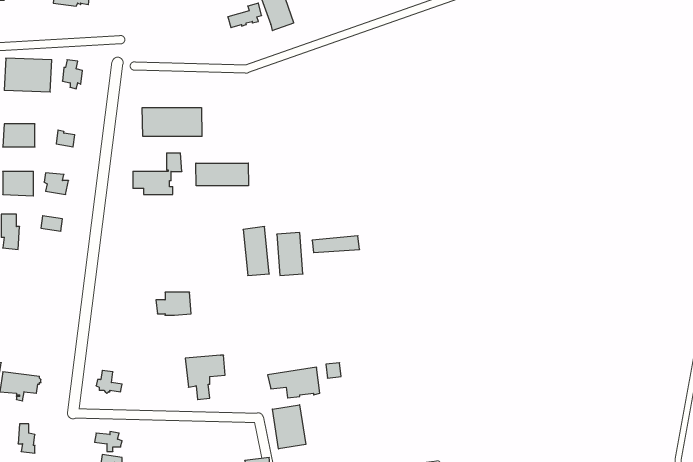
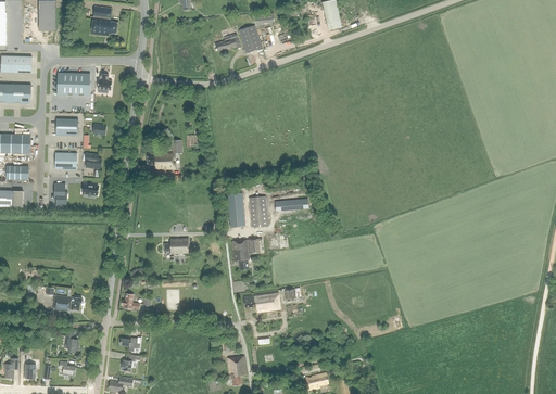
building: [142,108,202,136] -> none
building: [196,163,248,186] -> none
building: [185,355,225,400] -> [230,238,258,269]
building: [272,405,306,449] -> none

